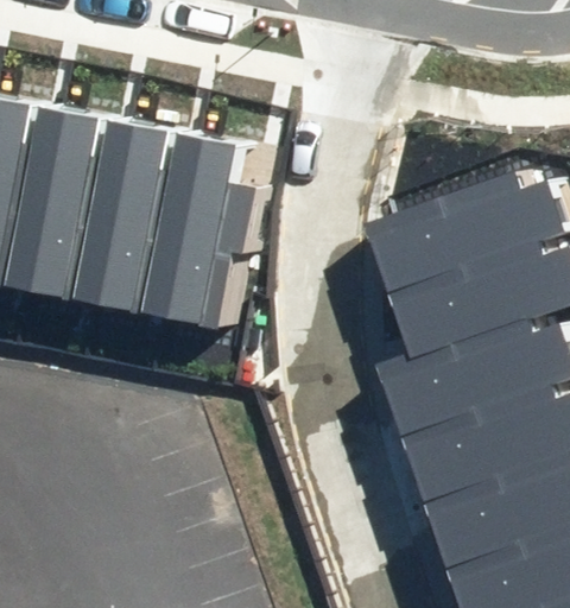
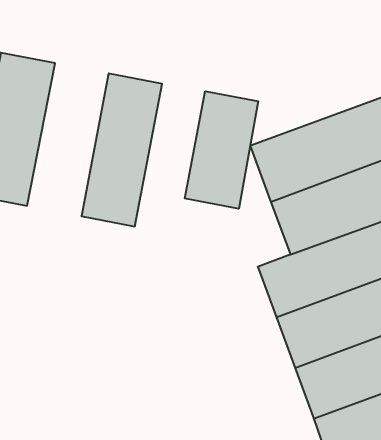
building: [90,122,194,316] -> none
building: none -> [185,91,258,209]

